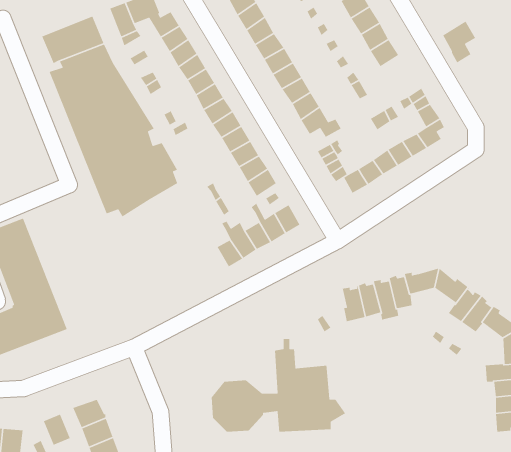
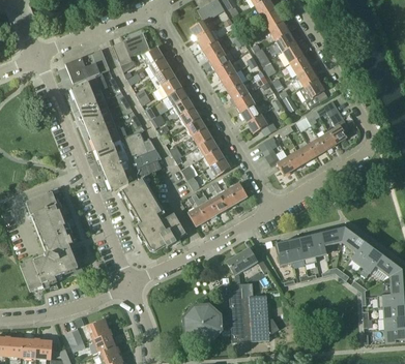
building: [442,21,476,63] -> [299,78,323,108]
building: none -> [121,179,185,250]
building: none -> [226,248,256,274]

